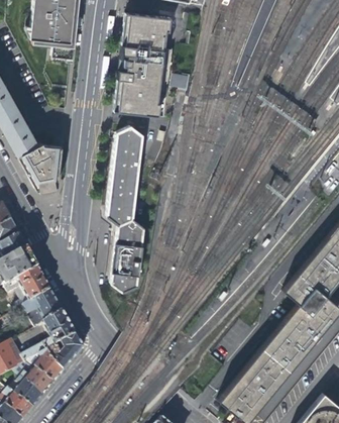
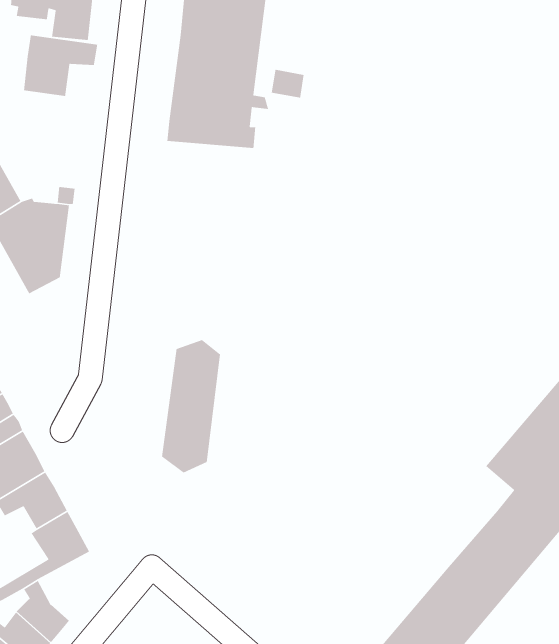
building: none -> [23,35,98,97]
building: [108,126,142,224] -> none
building: [44,334,81,372] -> none

